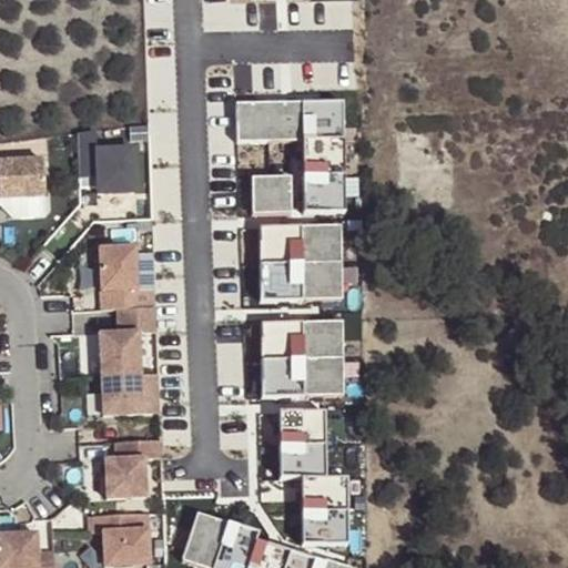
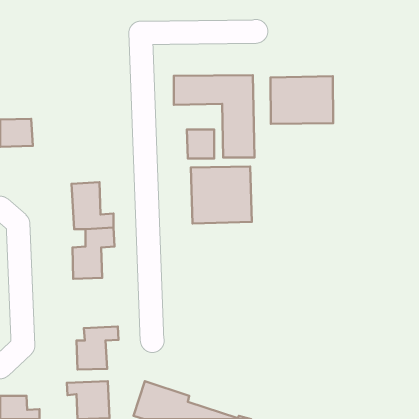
building: none -> [271,76,333,124]
building: [79,130,135,193] -> none
building: [262,322,343,397] -> none
building: [101,373,160,414] -> none
building: [271,410,348,544] -> none

